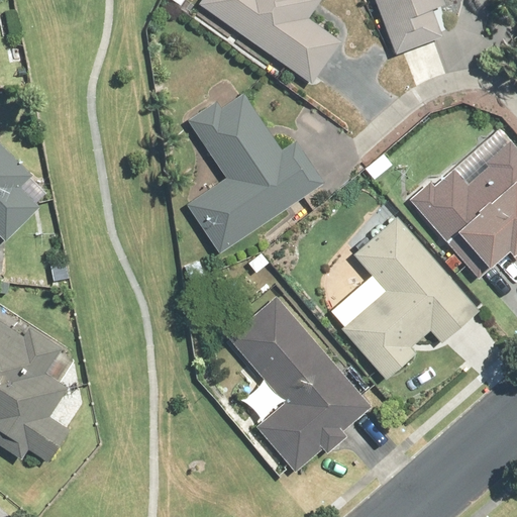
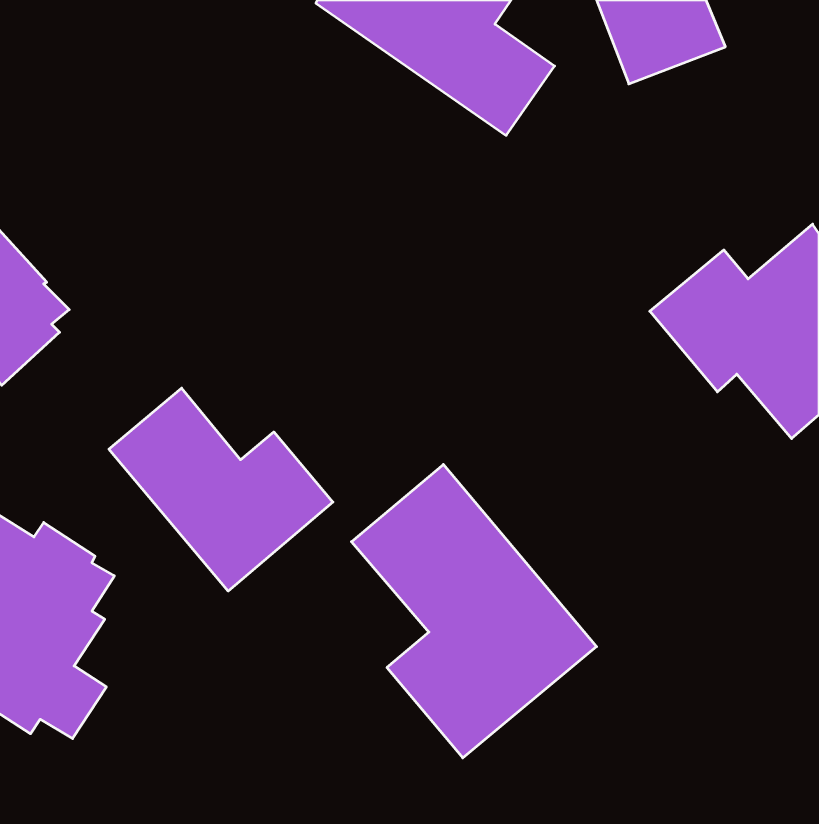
building: [181,84,329,260] -> none
building: [338,210,483,385] -> none
building: none -> [109,388,333,591]

